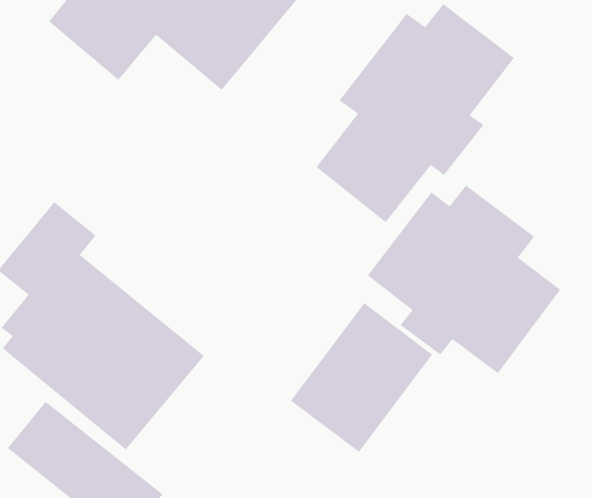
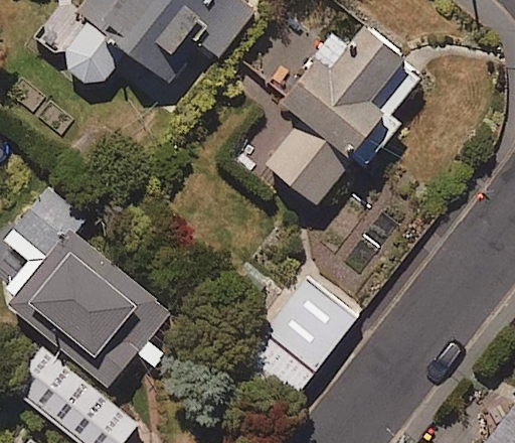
building: [367,184,561,374] -> none

